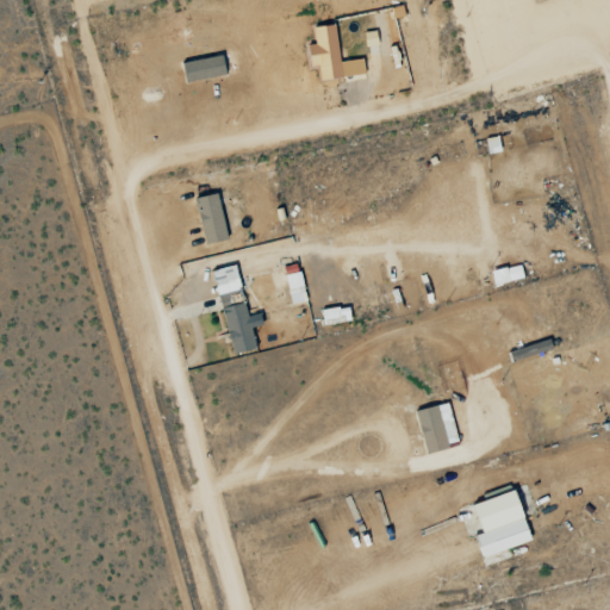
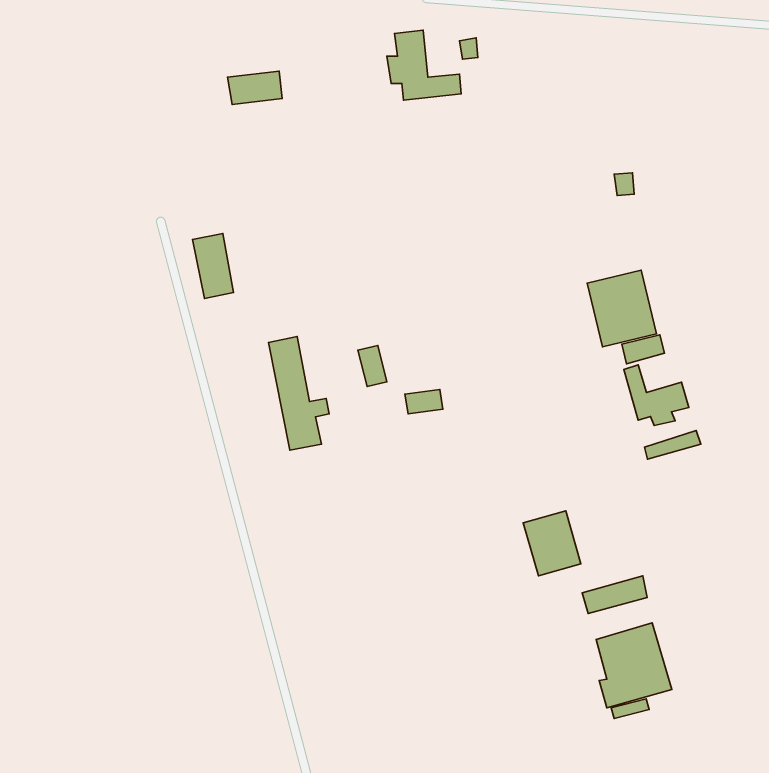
building: [197,193,229,244] -> [192,233,233,299]
building: none -> [587,270,657,347]
building: none -> [624,365,689,425]
building: none -> [582,576,647,614]

